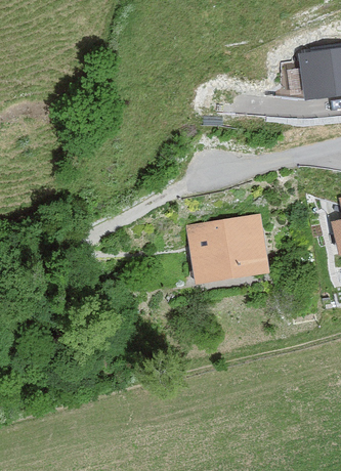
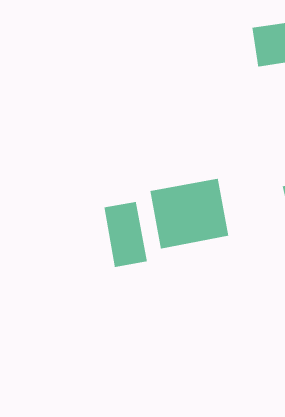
building: none -> [104,201,148,268]

